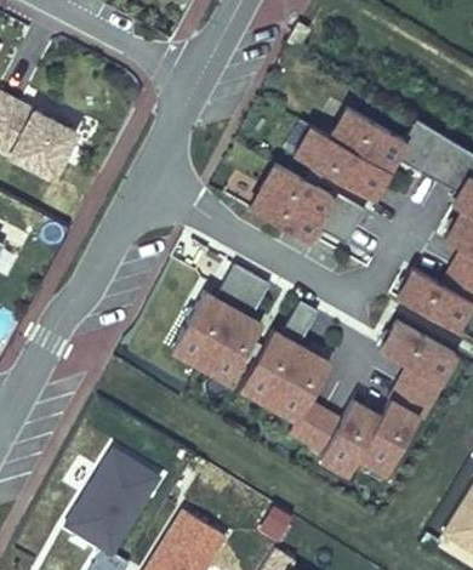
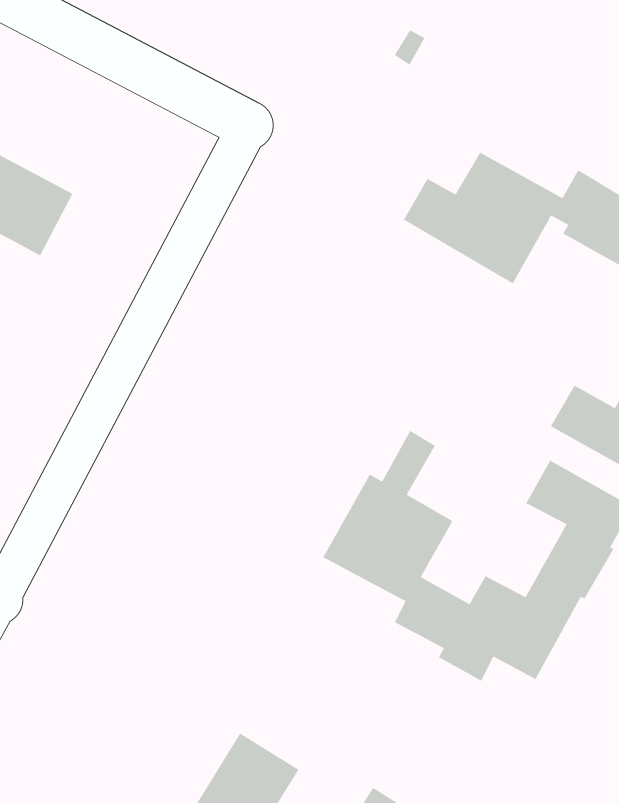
building: [252,164,369,244] -> none
building: [175,263,273,382] -> none
building: [62,444,156,551] -> none

